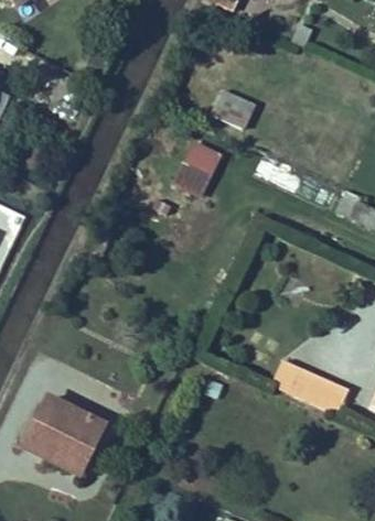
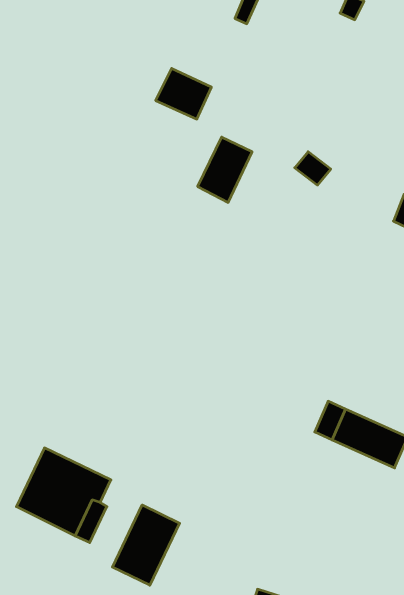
building: [208,86,255,128] -> [156,68,211,119]
building: none -> [112,505,180,585]

